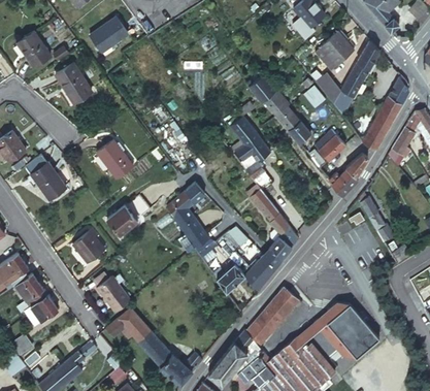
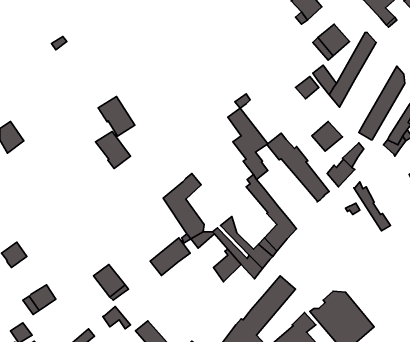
building: [92,17,129,52] -> none
building: [19,30,51,67] -> none
building: [55,62,92,102] -> [98,96,135,136]
building: [250,75,312,144] -> [267,133,329,202]
building: [26,154,66,198] -> none
building: [108,196,148,234] -> [150,238,190,276]
building: [74,230,107,261] -> none
building: [15,272,48,304] -> none
building: [118,307,151,341] -> none

